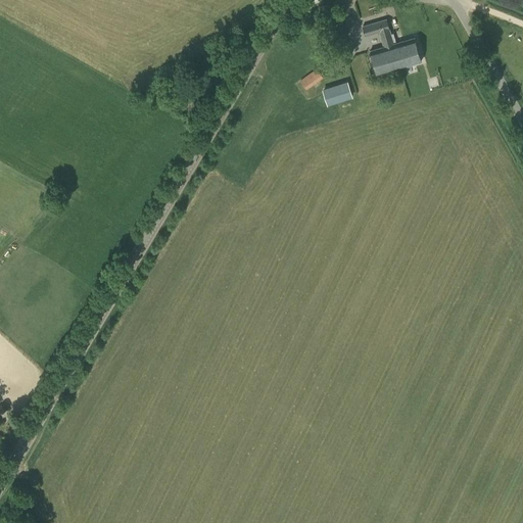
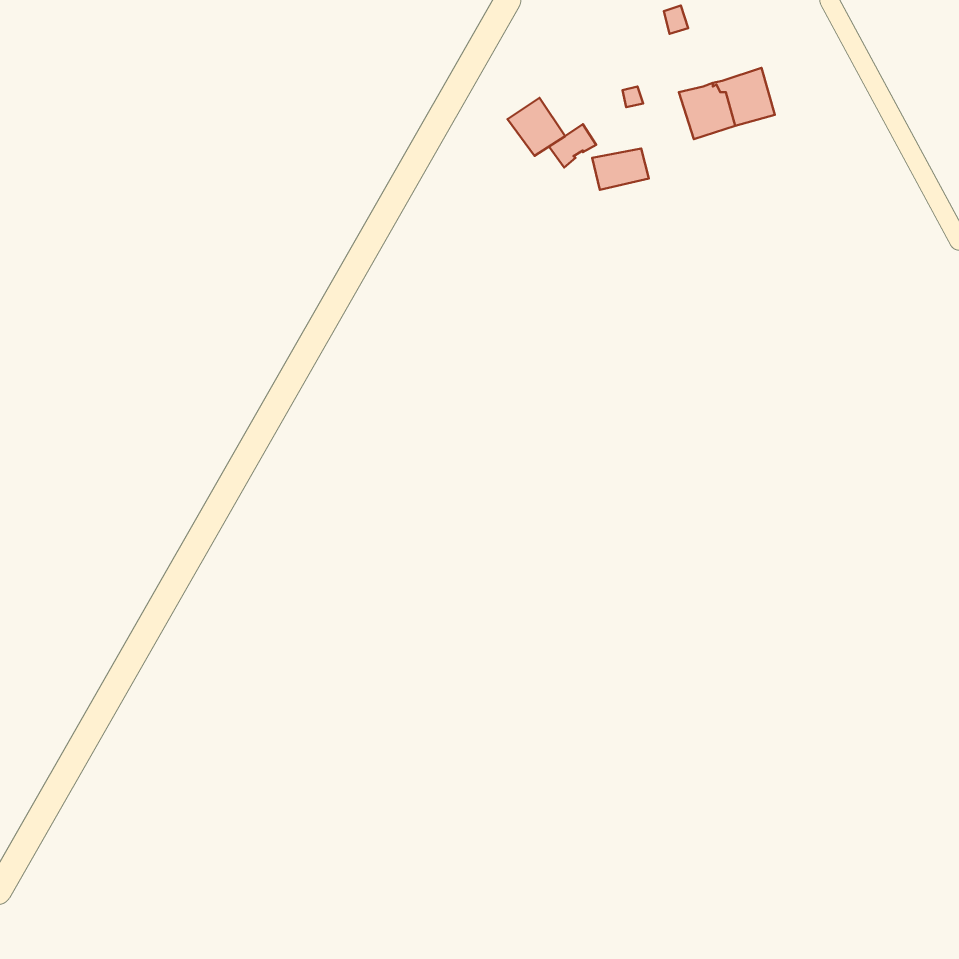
building: [362,20,392,48] -> none
building: none -> [507,98,565,156]

